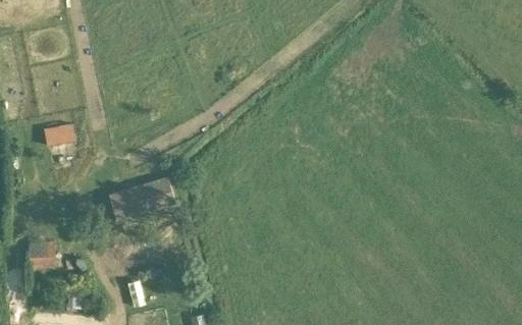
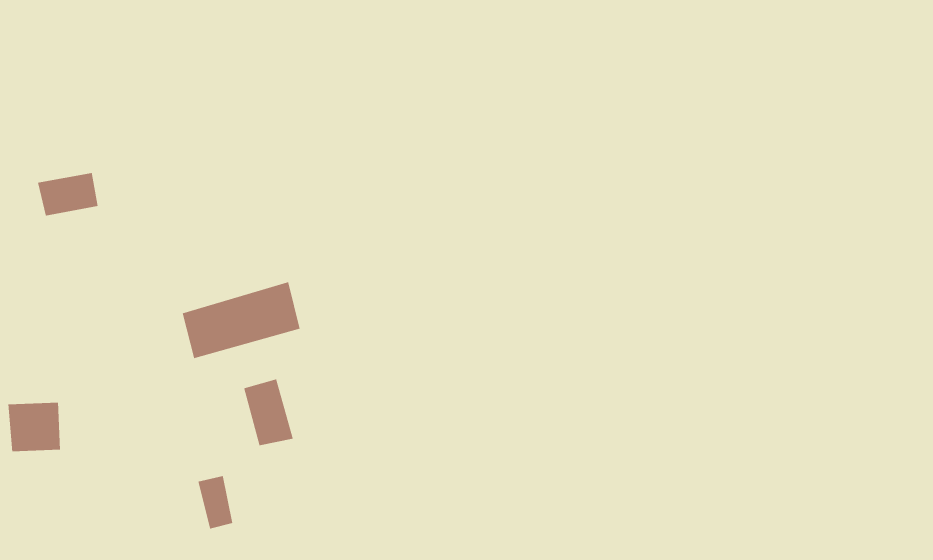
building: none -> [243,379,293,446]

